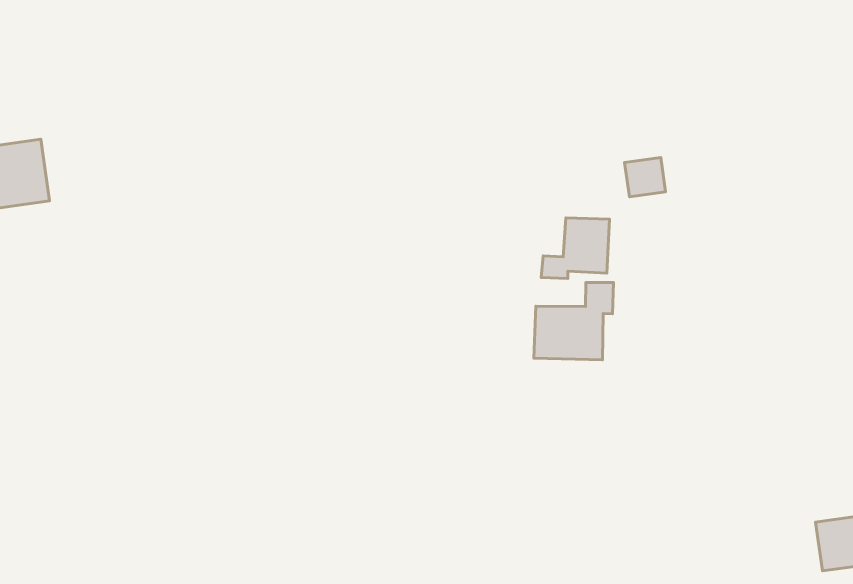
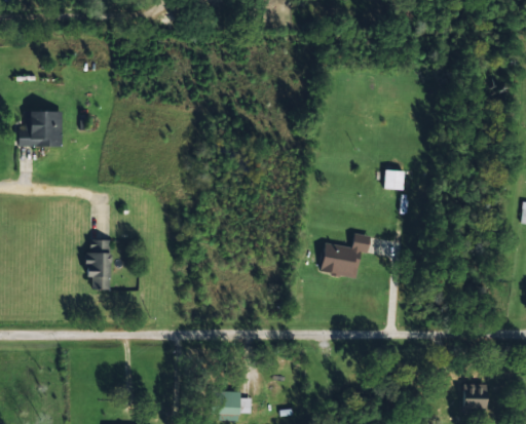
building: [541,218,609,279] -> none
building: none -> [85,239,110,288]

